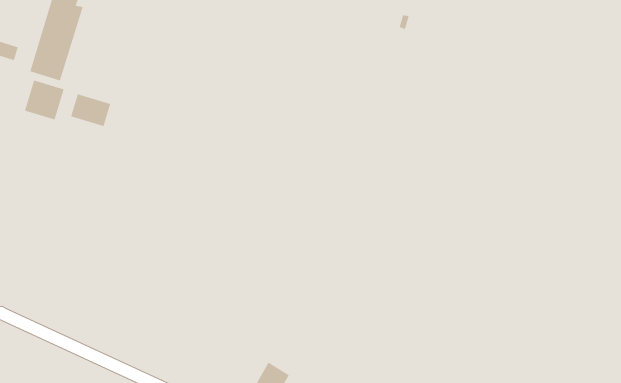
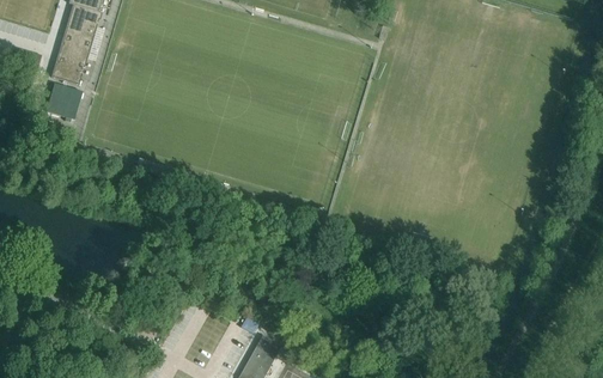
building: [70,93,111,127] -> none

